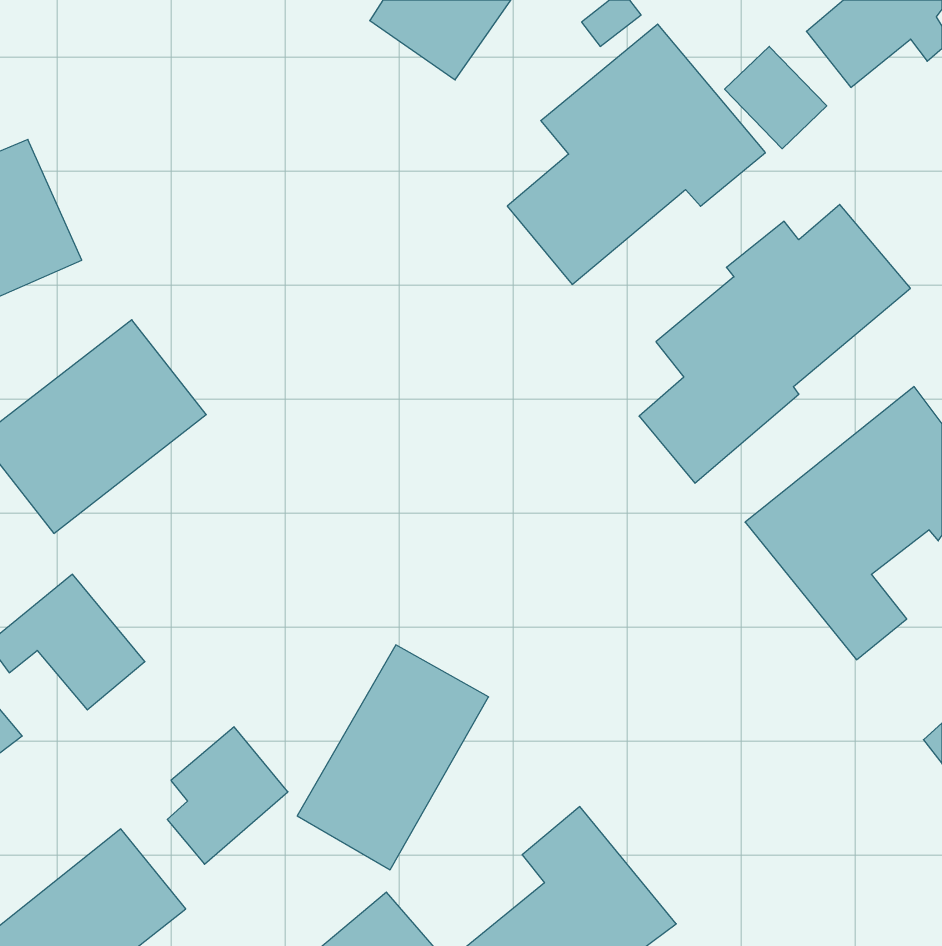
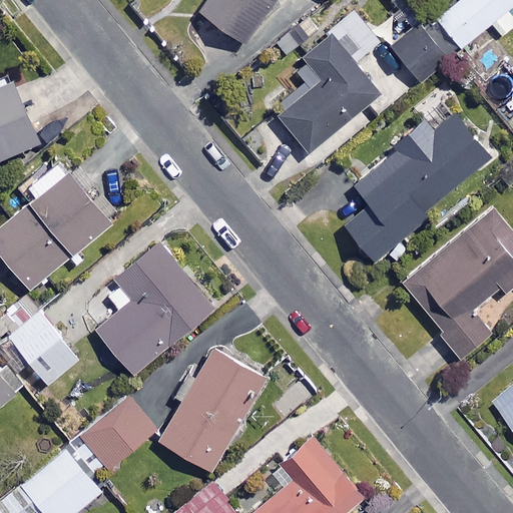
building: none -> [91,245,213,375]

